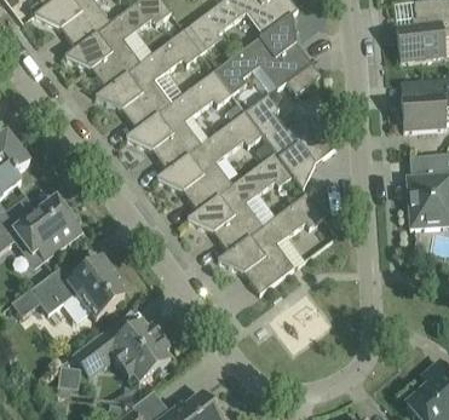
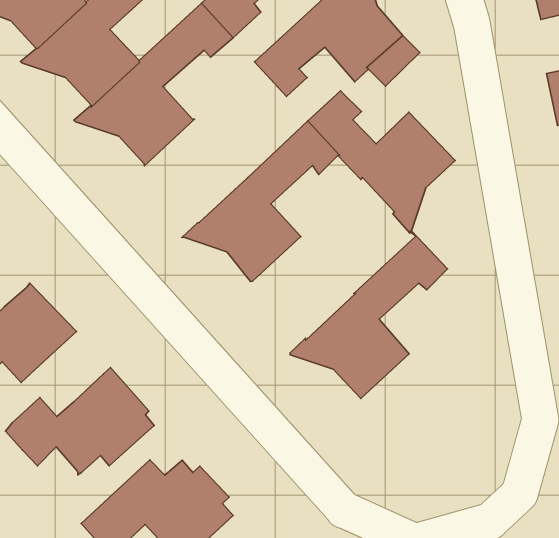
building: [126,70,232,169] -> none
building: [186,151,294,252] -> none

